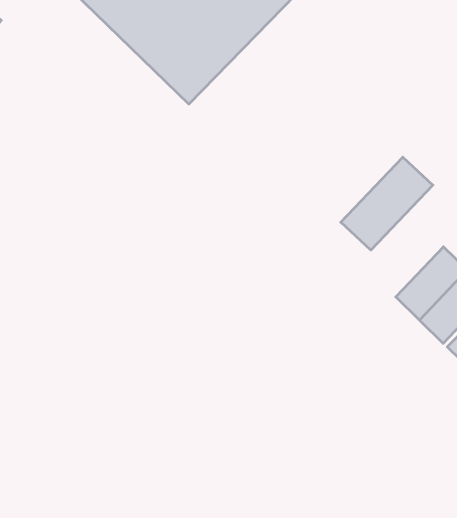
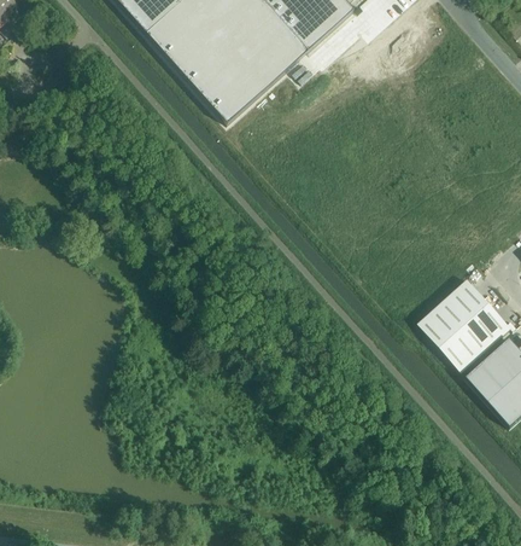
building: [341,157,433,250] -> none

